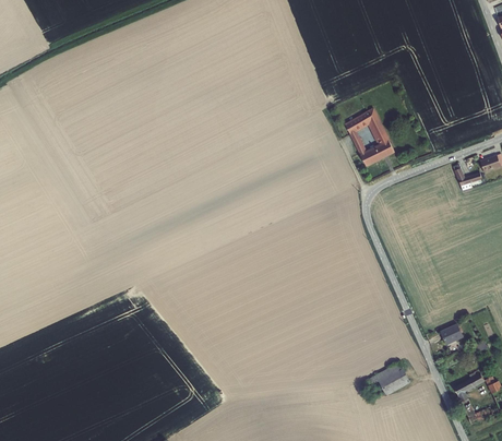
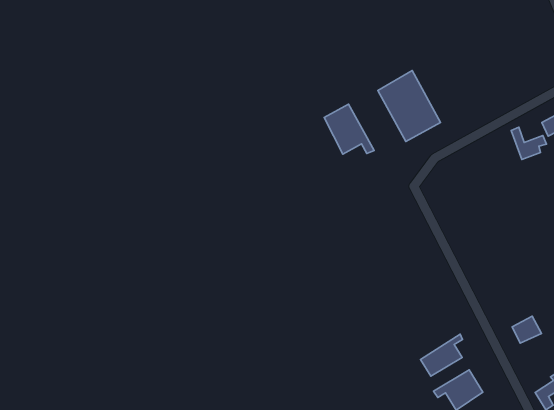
building: none -> [324,104,374,154]
building: none -> [420,334,463,376]

